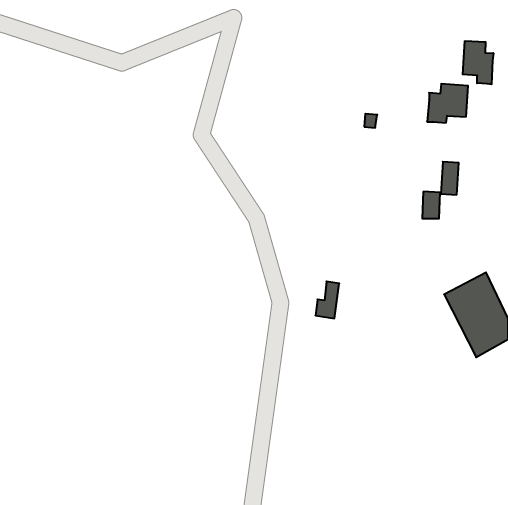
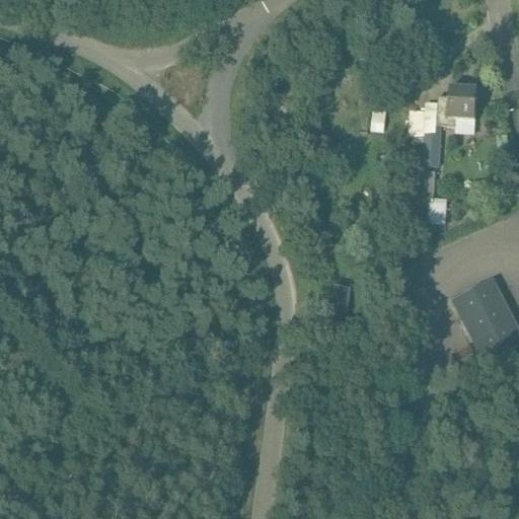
building: [463,41,493,84] -> none
building: [441,162,459,195] -> [421,131,439,164]

